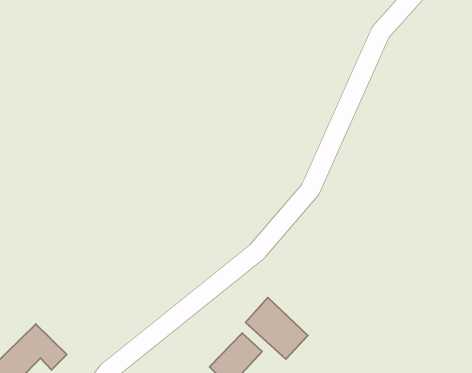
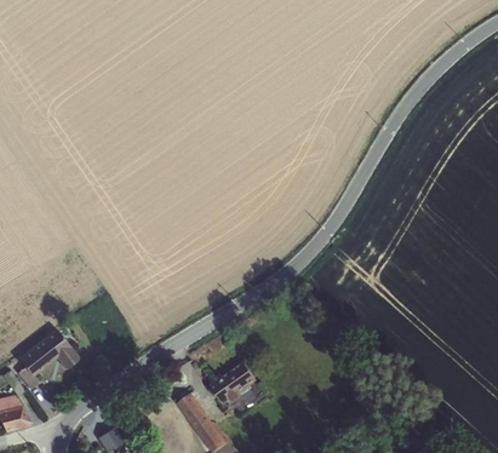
building: [246,298,308,359] -> none

